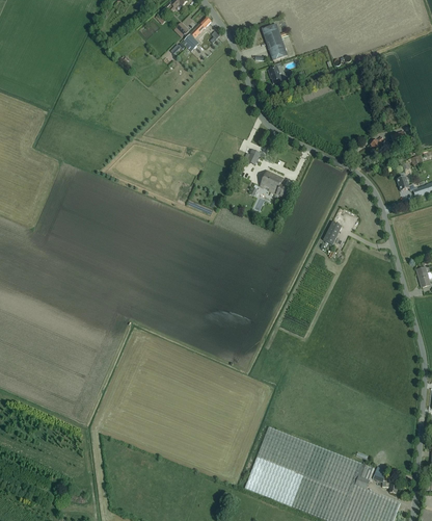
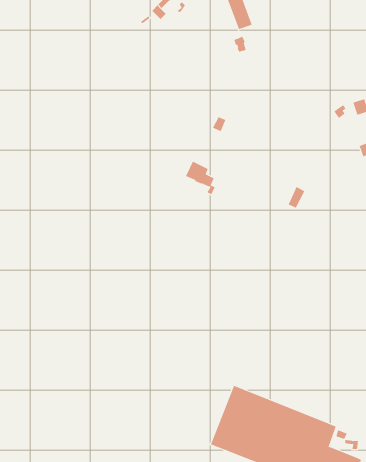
building: [260,170,291,205] -> [185,161,216,195]

